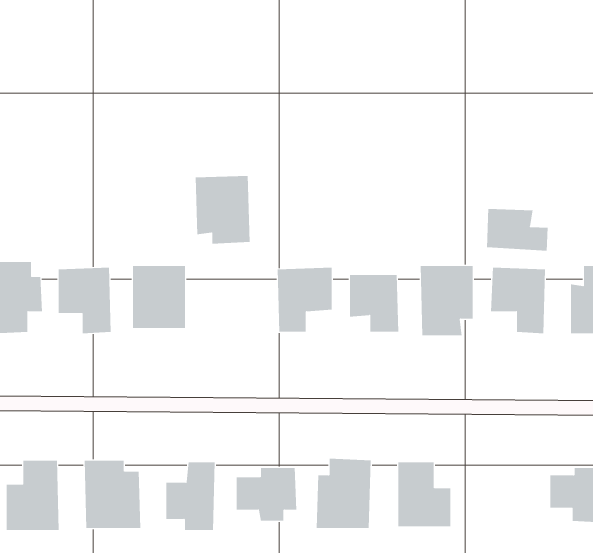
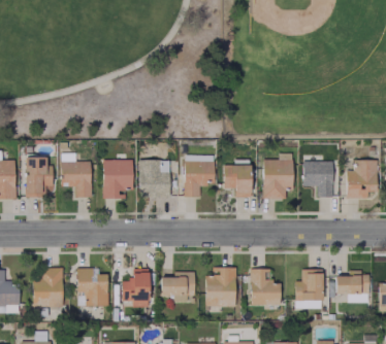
building: [195,175,250,244] -> [139,160,170,198]
building: [486,208,548,252] -> none
building: none -> [295,270,323,309]

